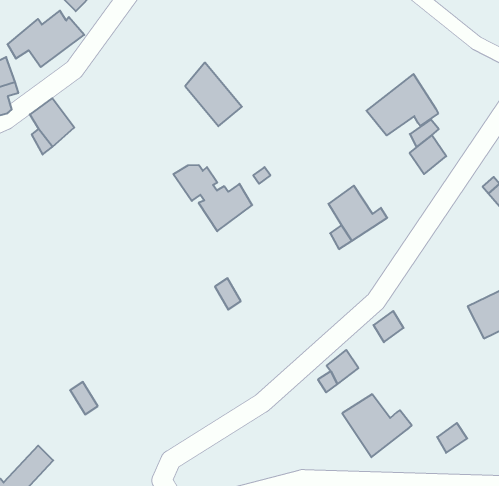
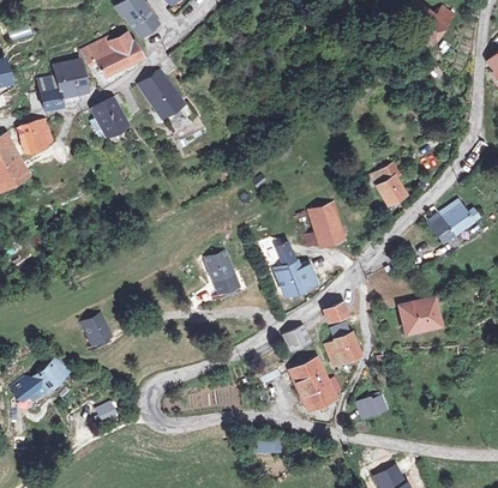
building: [185,63,242,126] -> [140,66,181,116]
building: [366,74,438,135] -> none
building: [173,165,252,231] -> [258,241,314,295]
building: none -> [330,333,362,367]

